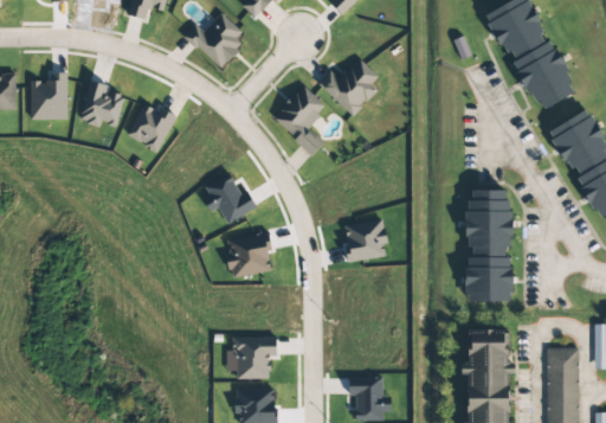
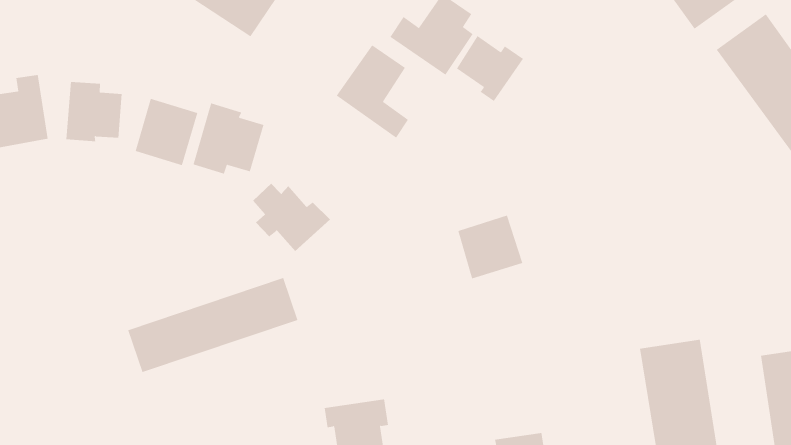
building: none -> [456,35,524,102]
building: none -> [193,103,264,174]
building: [462,187,508,299] -> none
building: [226,233,273,276] -> none
building: none -> [127,277,298,373]

